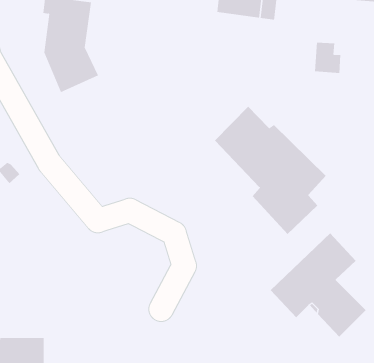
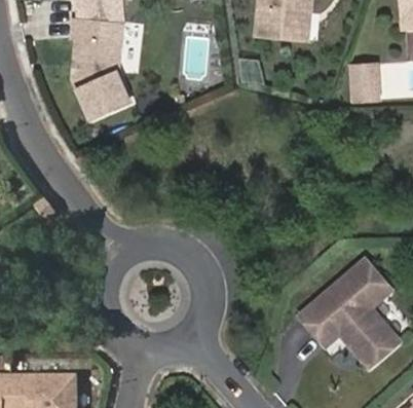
building: [214,106,326,235] -> none

